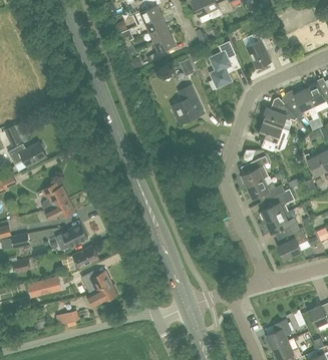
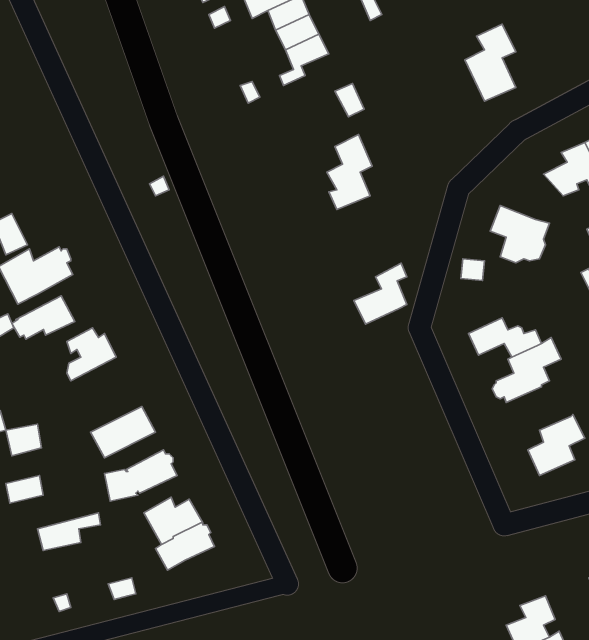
building: [209,42,240,88] -> none
building: [263,100,297,128] -> none
building: [241,155,268,187] -> [354,263,407,324]
building: [42,199,74,221] -> [12,296,75,339]
building: [265,214,299,236] -> none

